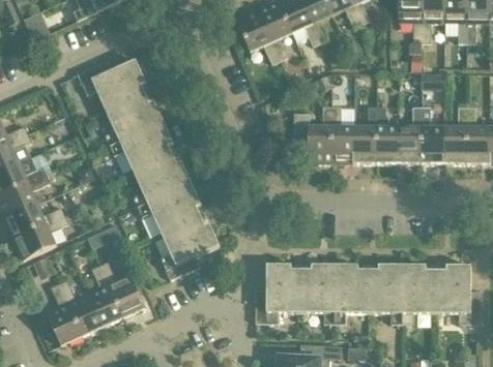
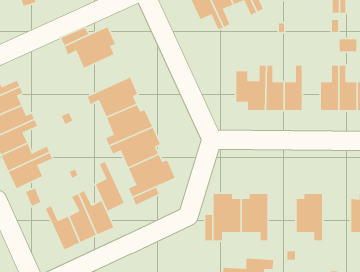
building: [106,93,164,145] -> none
building: [376,105,398,162] -> none
building: [334,264,368,323] -> none
building: [401,264,435,323] -> none
building: [45,282,82,344] -> [95,161,125,212]

